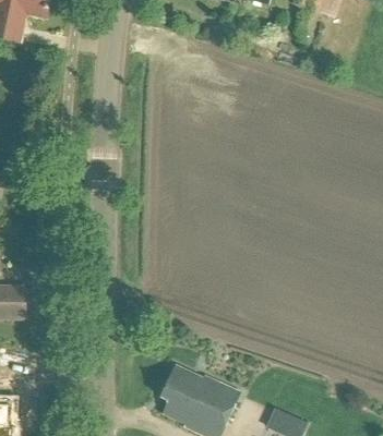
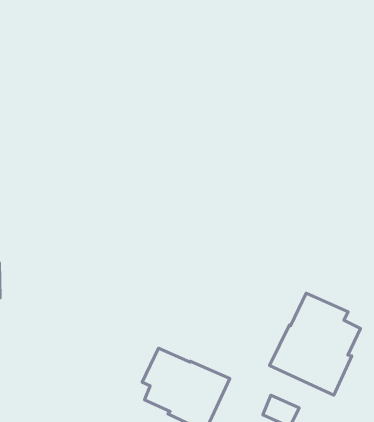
building: none -> [270,293,360,395]

